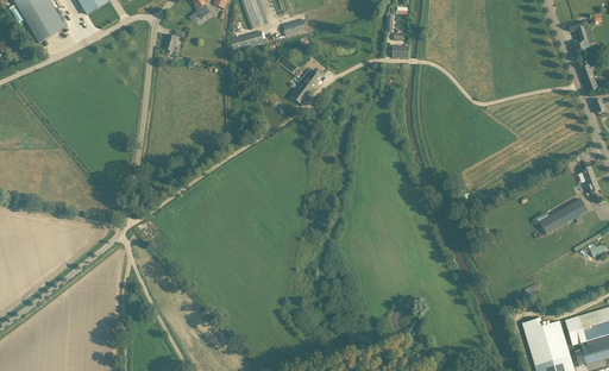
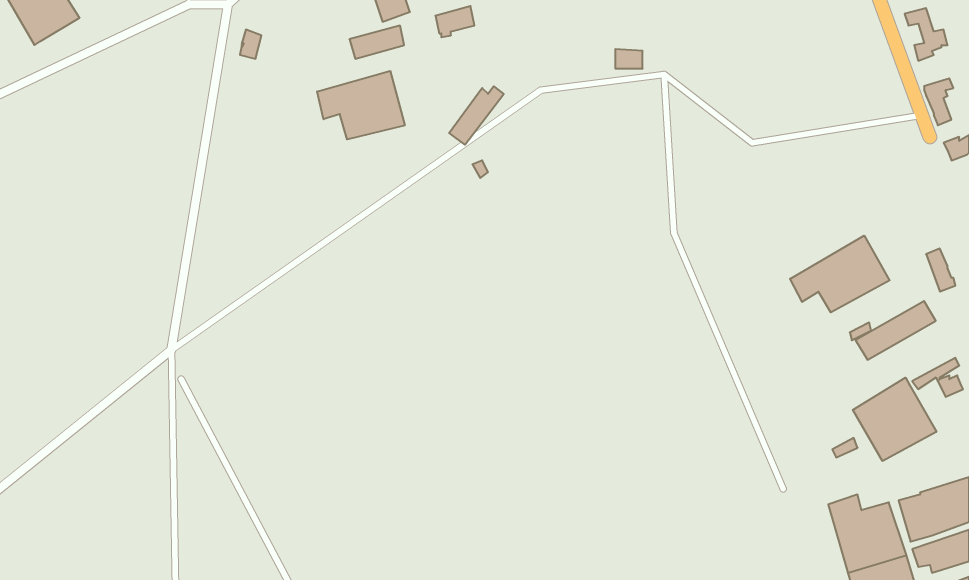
building: none -> [317,71,405,139]
building: none -> [790,236,890,312]
building: none -> [853,378,936,461]

